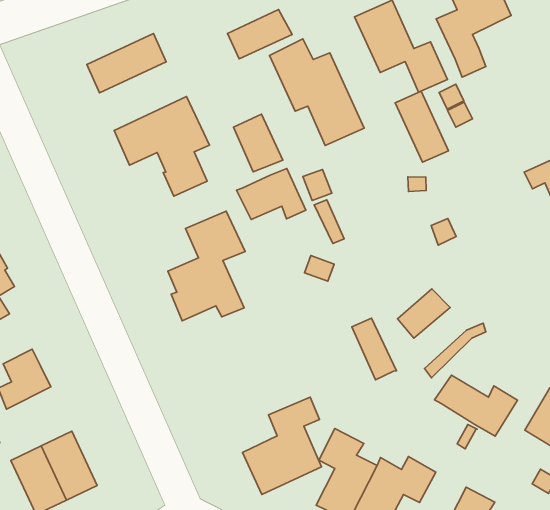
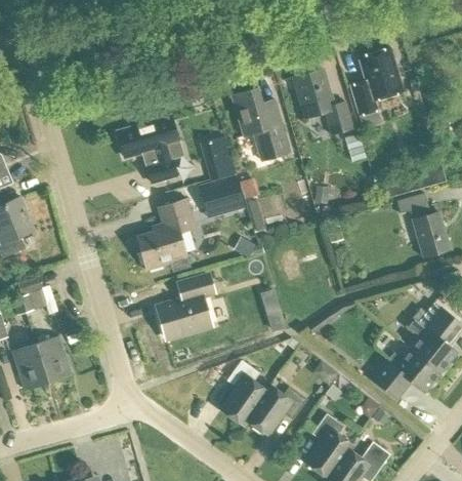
building: [228,9,292,59] -> none
building: [87,33,166,93] -> none
building: [395,91,449,162] -> none
building: [398,289,450,338] -> none
building: [434,375,518,436] -> none
building: [243,397,322,494] -> [158,276,214,338]

